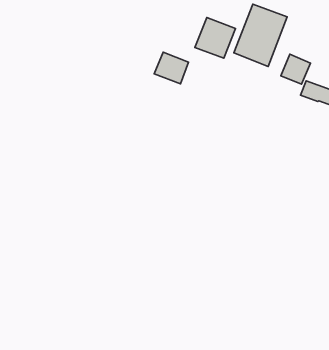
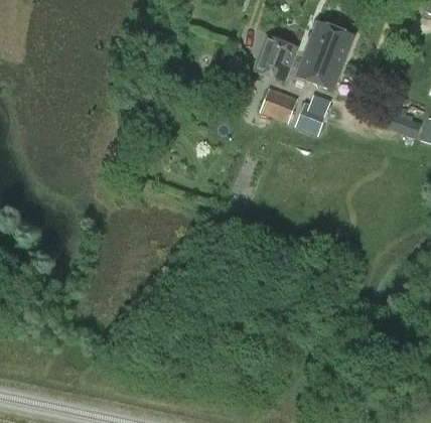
building: [154,52,189,84] -> [259,88,297,123]
building: [281,54,311,84] -> [294,102,327,135]

